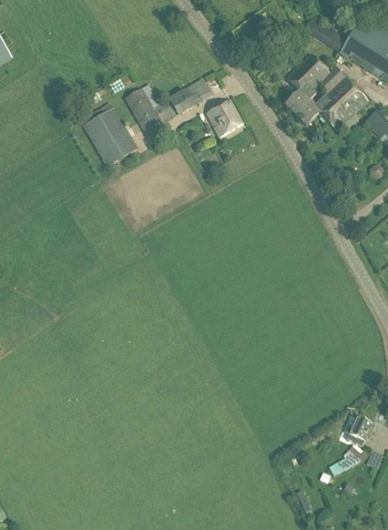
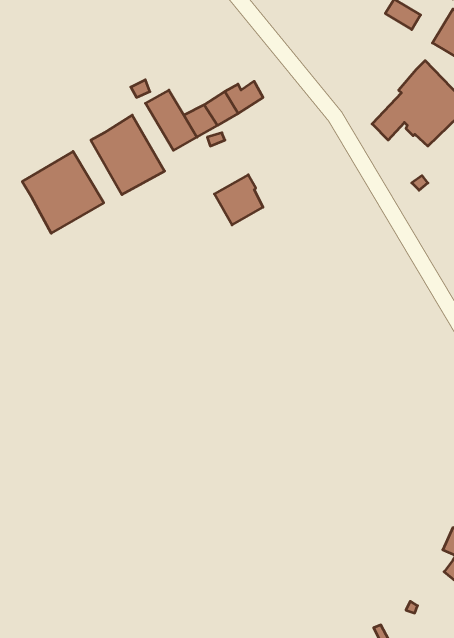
building: [285,53,327,113] -> none
building: [205,99,242,136] -> [214,175,263,225]
building: none -> [22,151,104,233]

